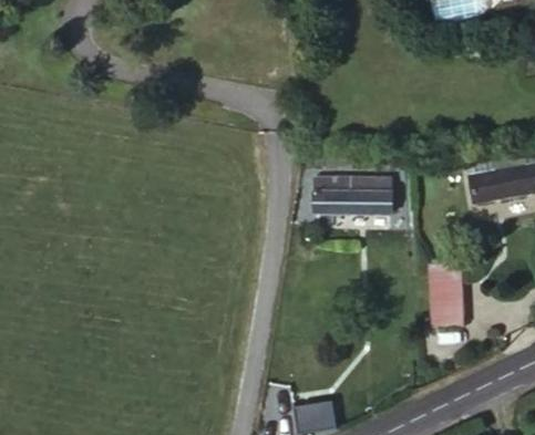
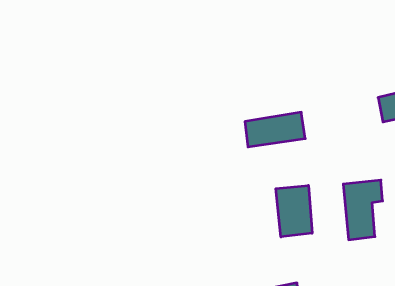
building: none -> [276,185,312,237]

